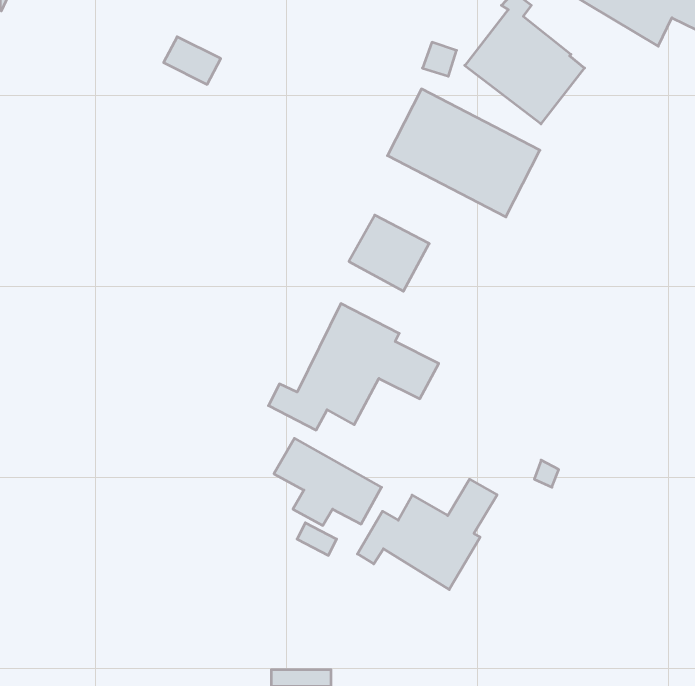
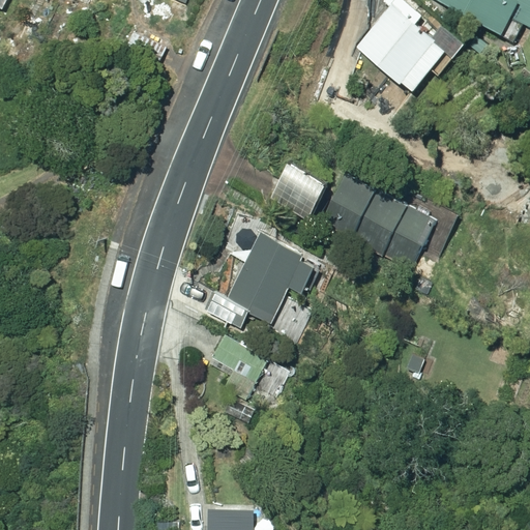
building: [387,89,540,217] -> [321,172,437,269]
building: [357,479,497,590] -> none

